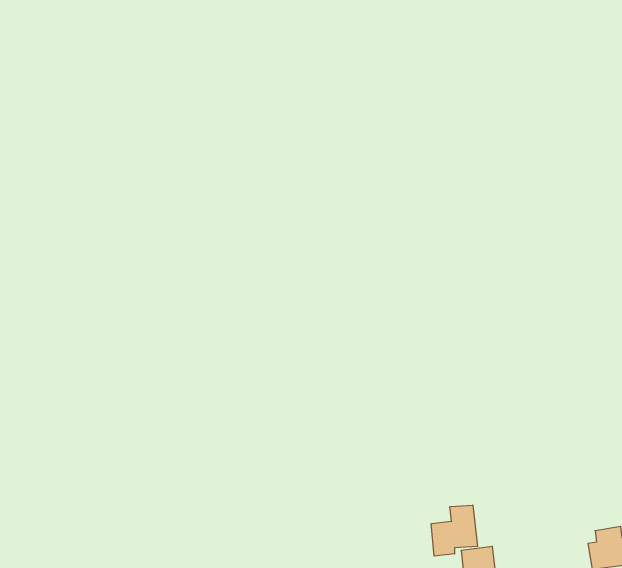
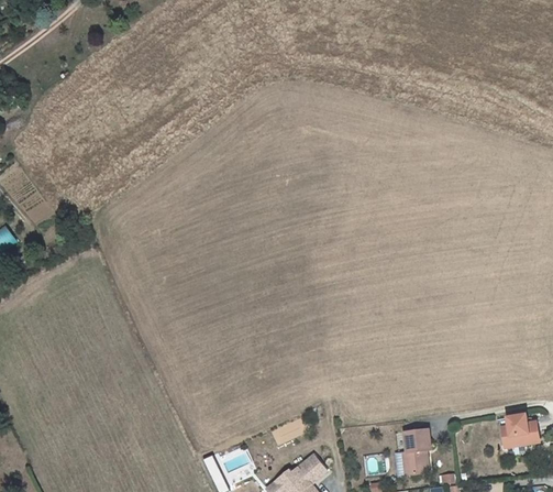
building: [431,505,477,556] -> none

